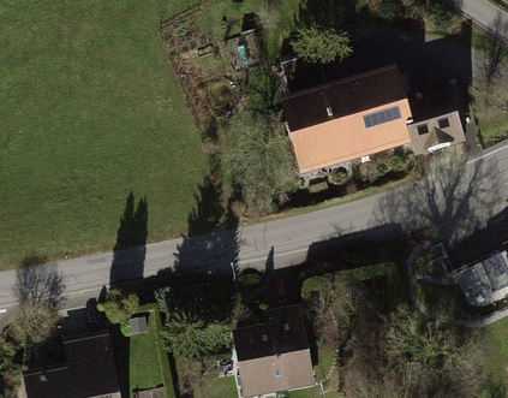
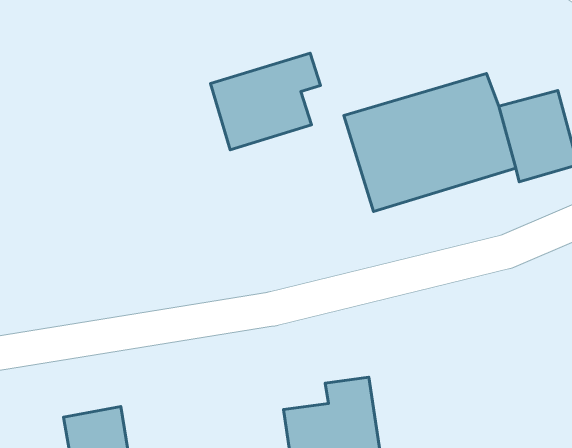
building: none -> [210,53,320,150]

